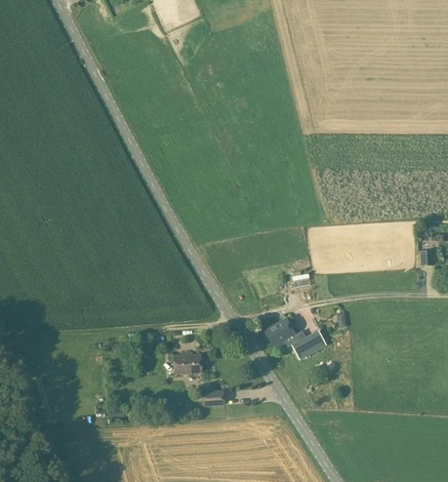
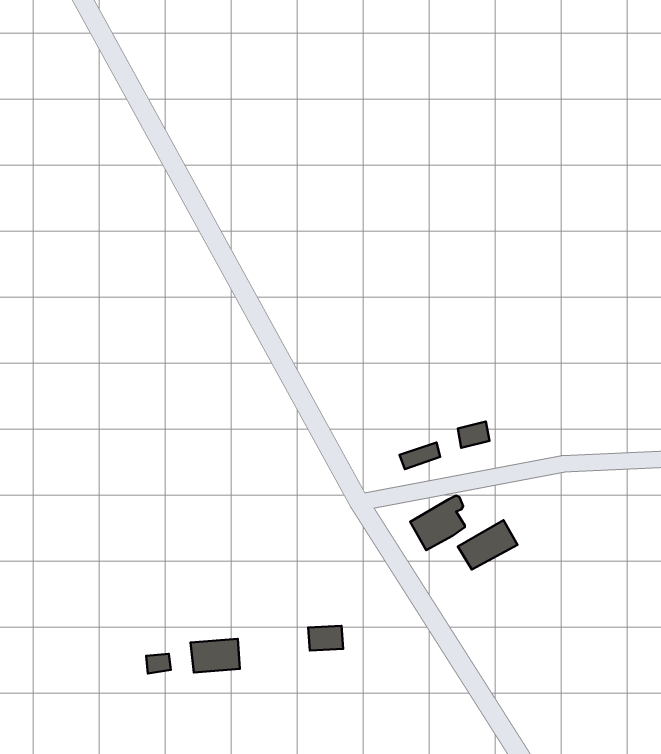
building: [173,354,202,373] -> [190,639,240,672]

